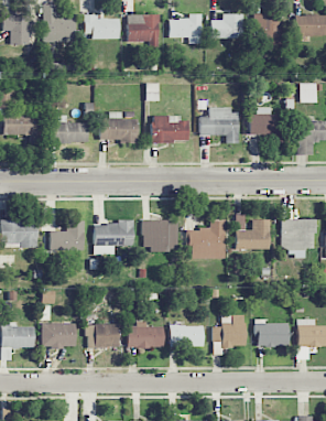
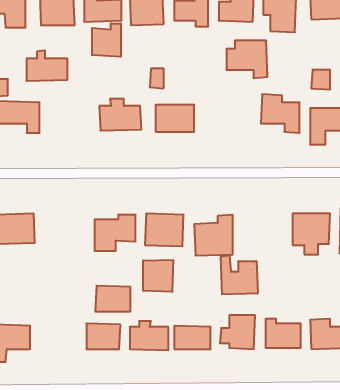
building: none -> [92,23,121,57]
building: [200,108,239,143] -> [226,41,267,78]
building: [50,115,88,143] -> [26,50,67,81]
building: [236,214,271,250] -> [221,256,258,294]
building: [51,220,85,250] -> none
building: none -> [143,260,173,292]
building: [43,323,76,347] -> [95,286,130,312]

